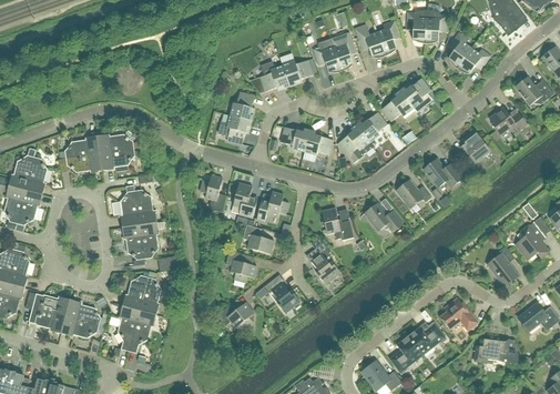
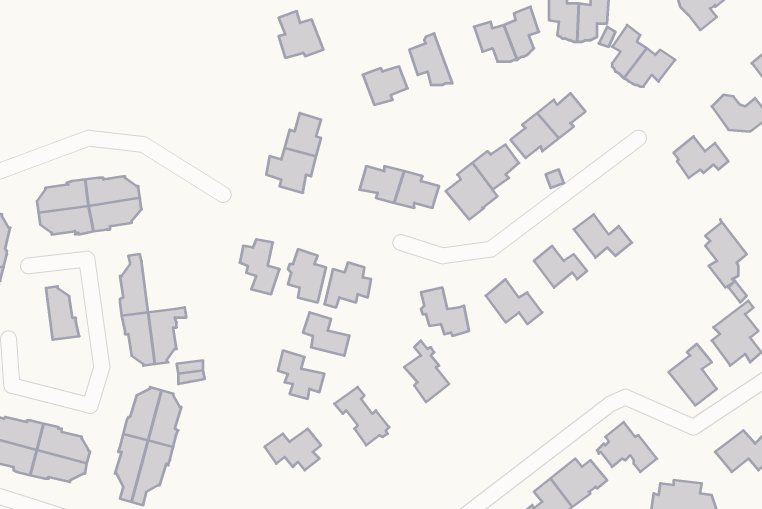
building: [329,31,356,71] -> none
building: [259,60,289,91] -> [279,11,323,58]
building: [461,128,489,173] -> [705,219,747,287]
building: [134,189,156,224] -> [46,286,79,340]

